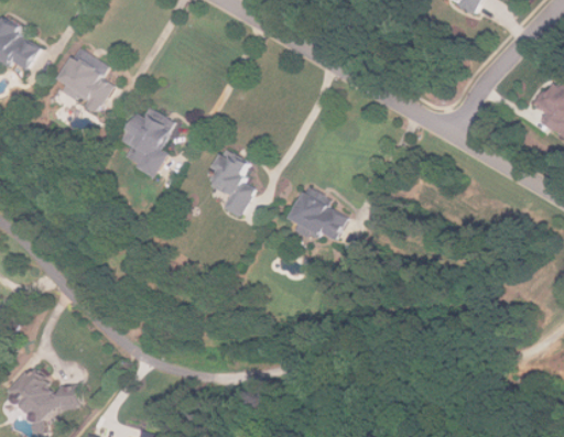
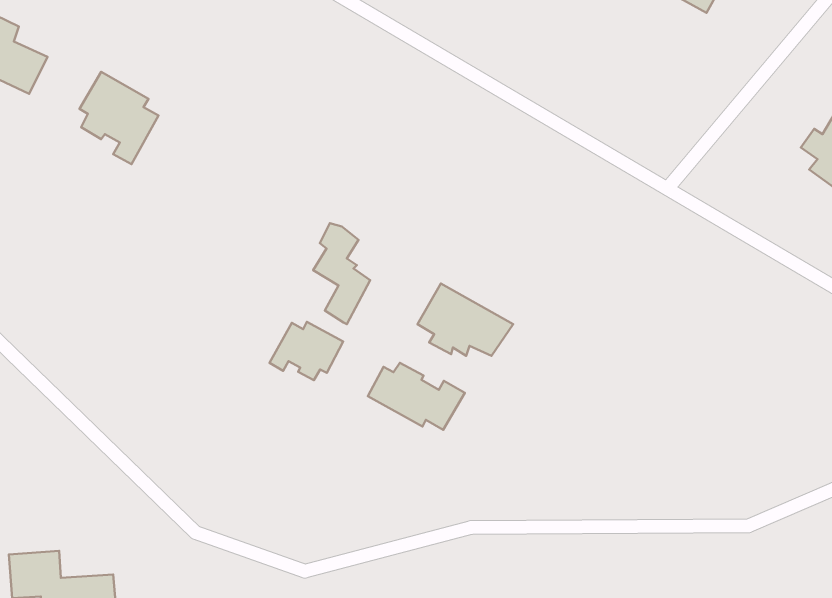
building: [123,109,174,174] -> none
building: none -> [269,322,343,380]
building: none -> [368,363,465,430]

